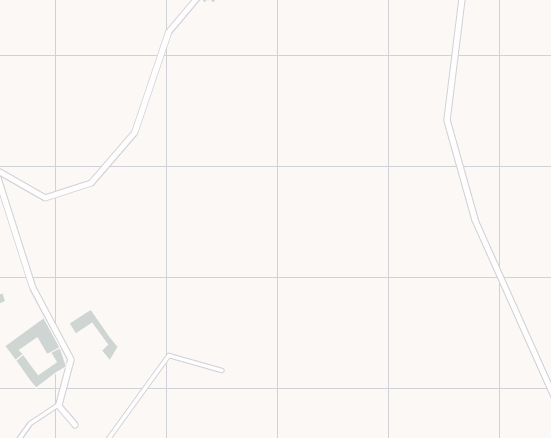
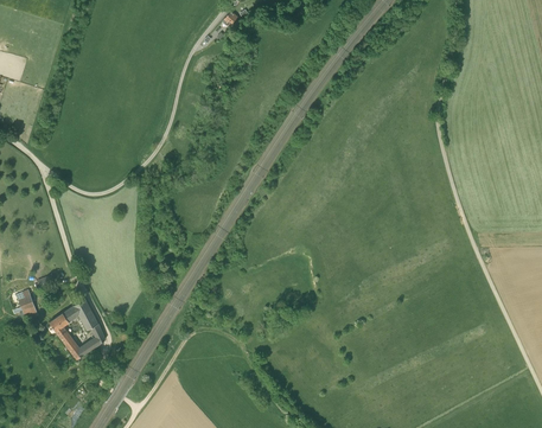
building: [69,309,118,361] -> none

